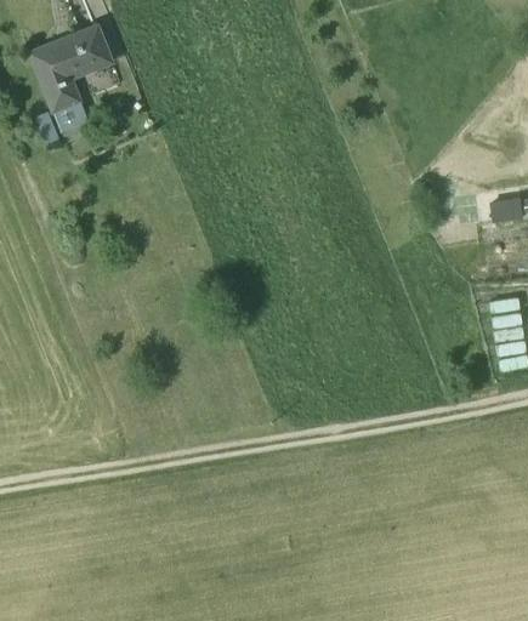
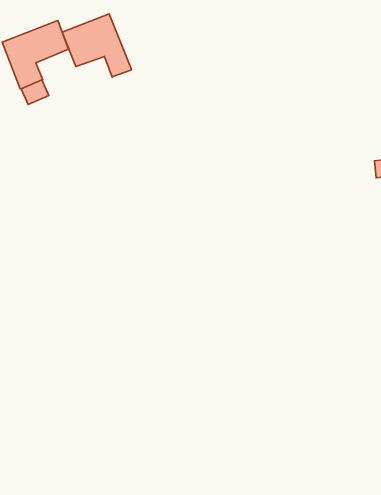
building: none -> [62,14,132,77]

